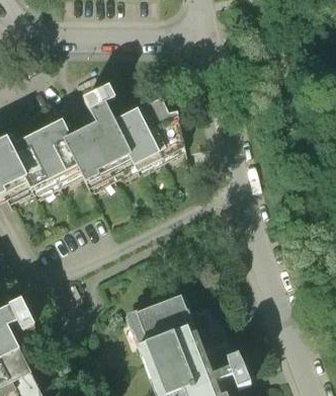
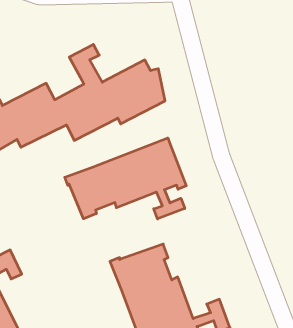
building: none -> [65,138,186,219]

